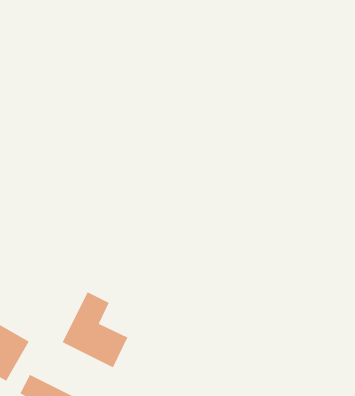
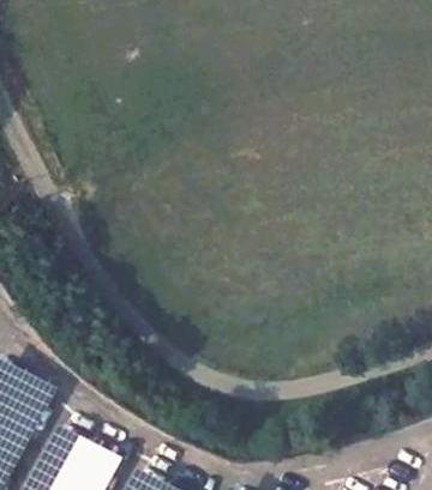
building: [62,291,128,368] -> none

